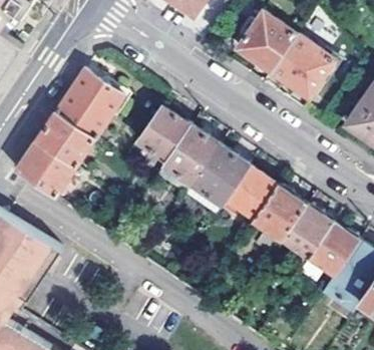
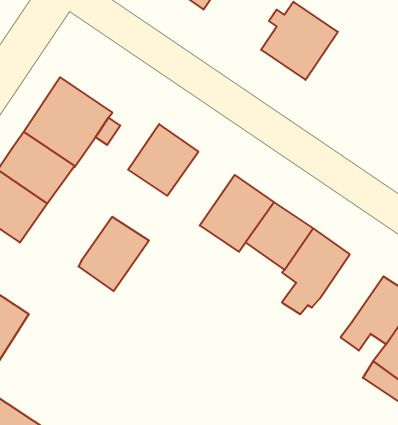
building: [271,34,333,97] -> none
building: [162,126,217,184] -> [78,217,149,291]
building: [282,206,331,258] -> none

